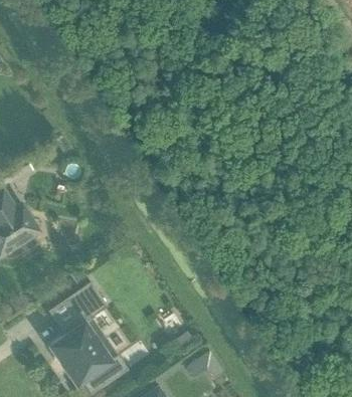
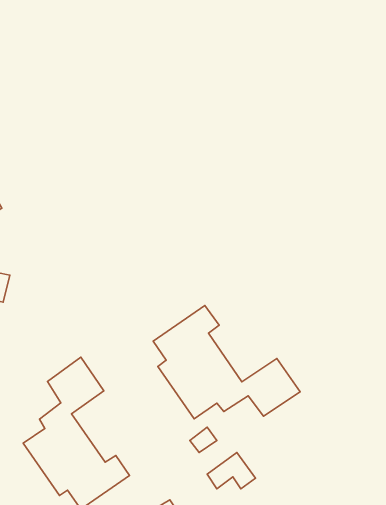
building: none -> [153,305,300,419]

